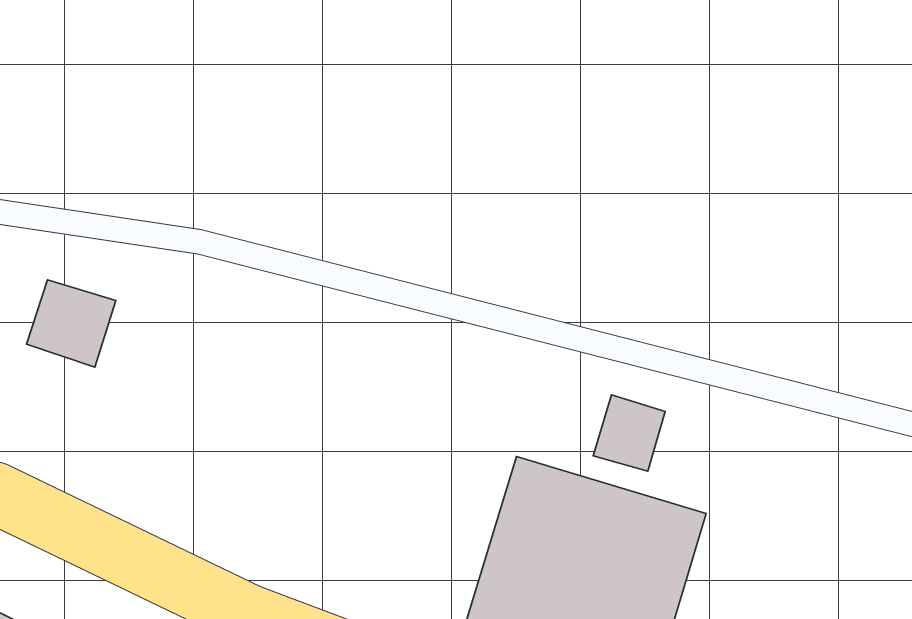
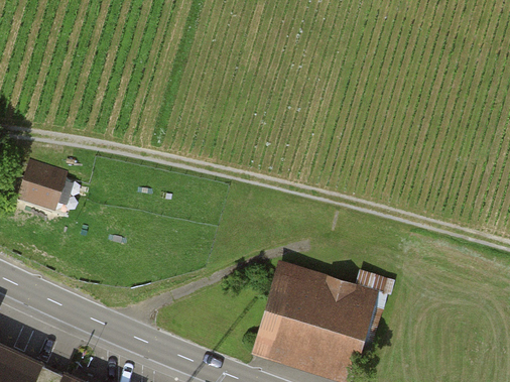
building: [593,395,665,471] -> none

